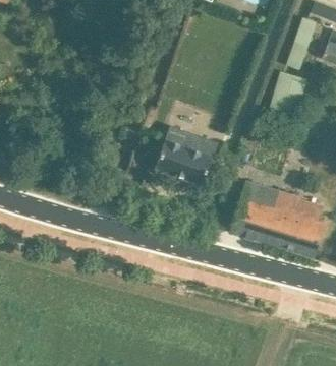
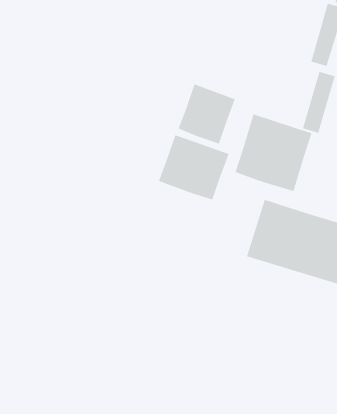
building: none -> [178,84,235,144]
building: none -> [235,113,312,192]

